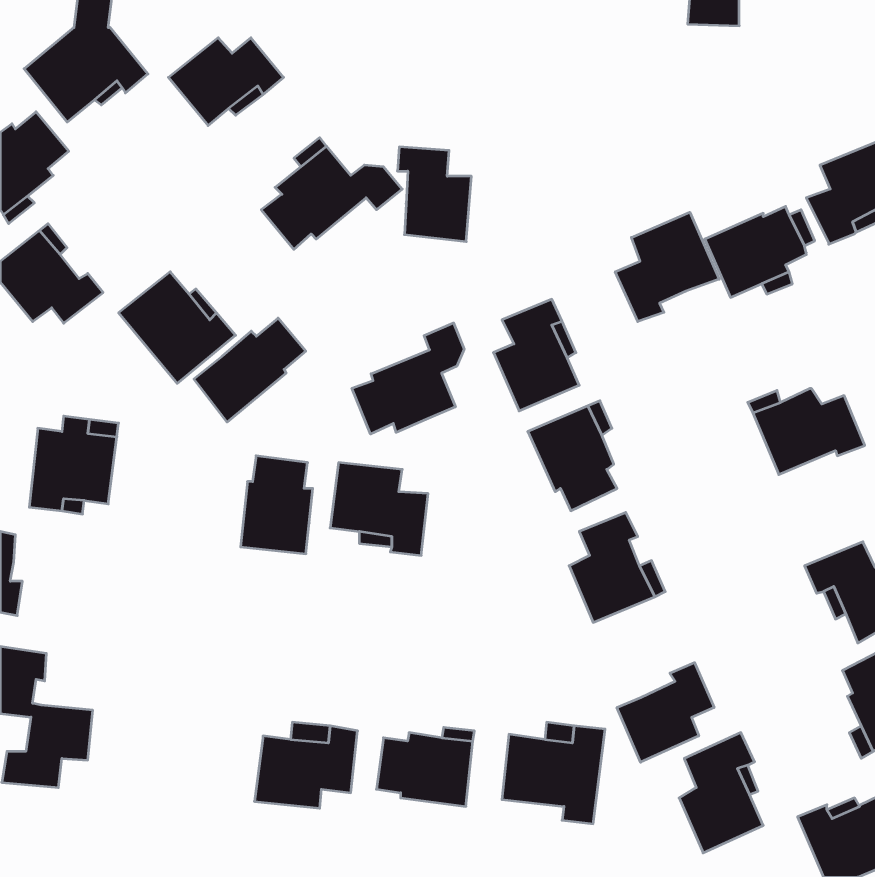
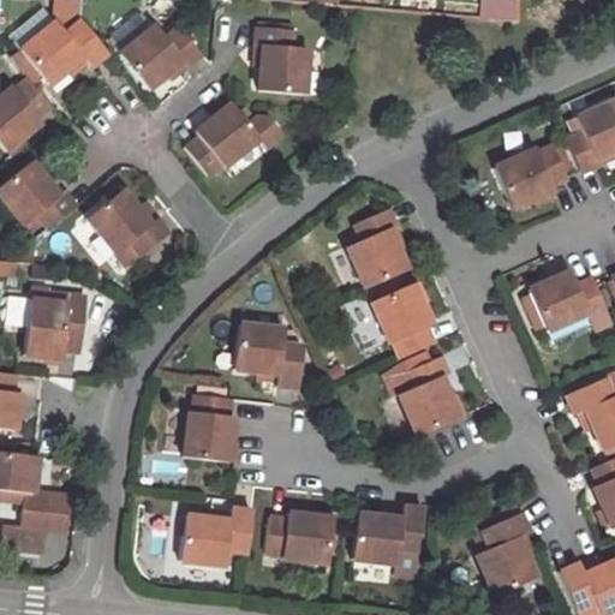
building: [397,147,471,242] -> [256,28,308,94]
building: [615,212,719,322] -> none
building: [194,318,306,422] -> none
building: [352,323,464,434] -> none
building: [241,456,313,554] -> [183,395,233,464]
building: [617,663,714,762] -> none

